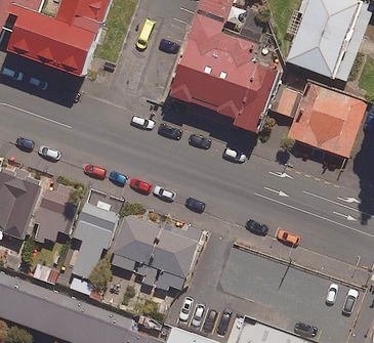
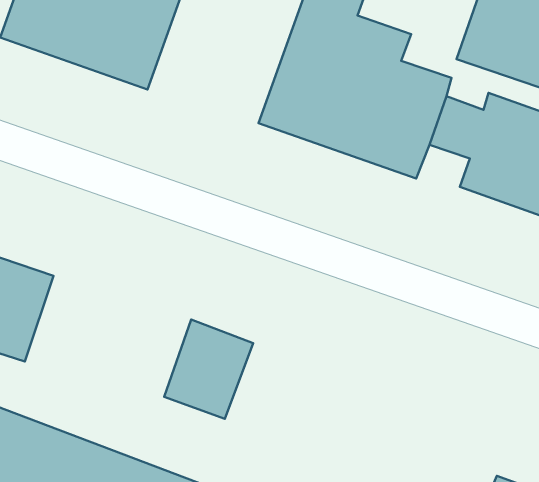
building: [30,189,77,247] -> none
building: [67,205,116,285] -> none
building: [140,231,195,297] -> none

